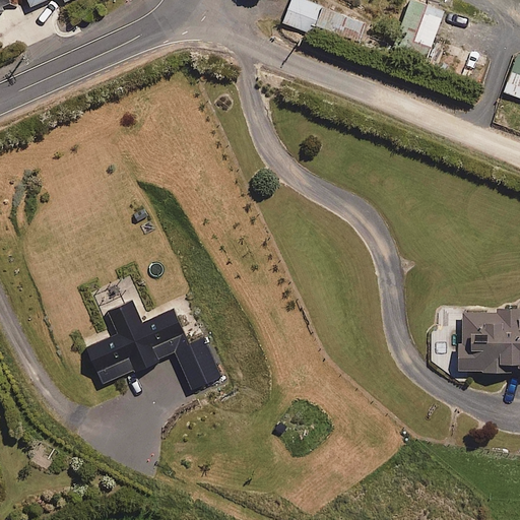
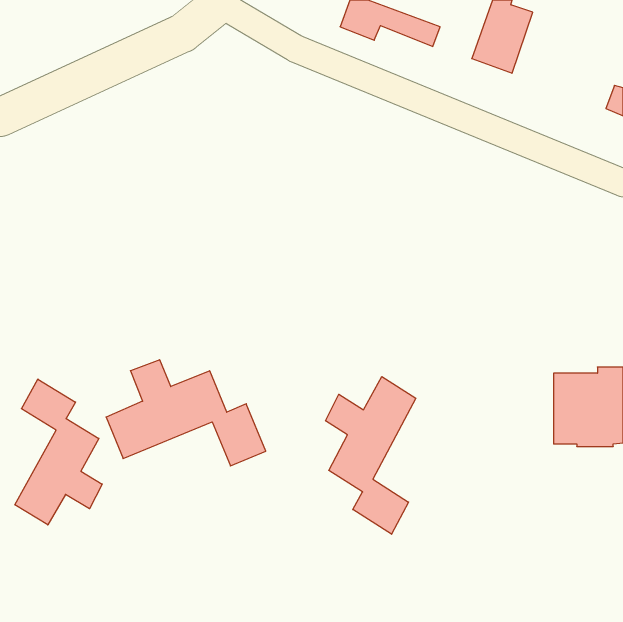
building: none -> [326,377,416,534]
building: none -> [15,379,102,525]

